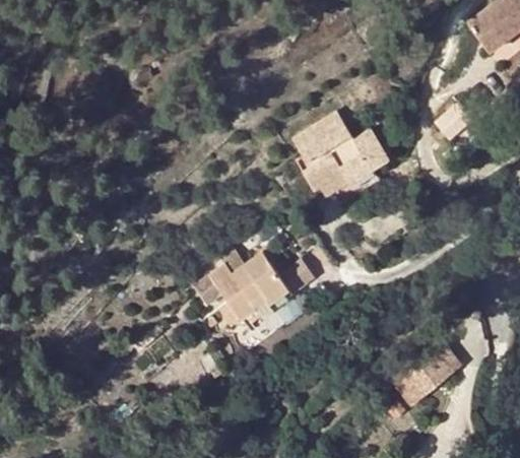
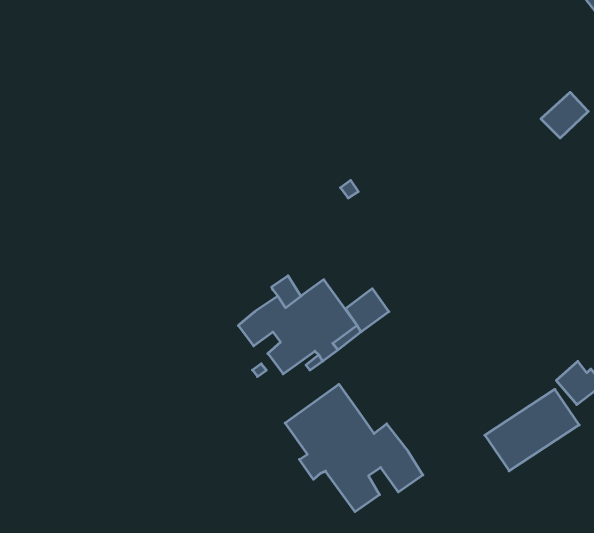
building: [292,113,389,205] -> none
building: none -> [285,384,423,512]

